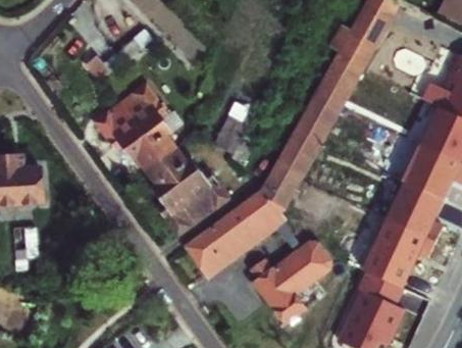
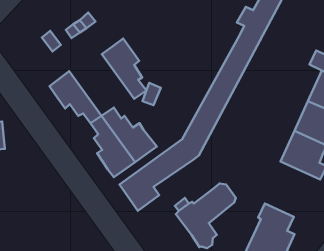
building: [123,86,178,160] -> [102,39,146,99]
building: [227,214,302,258] -> none
building: [361,216,433,285] -> none

